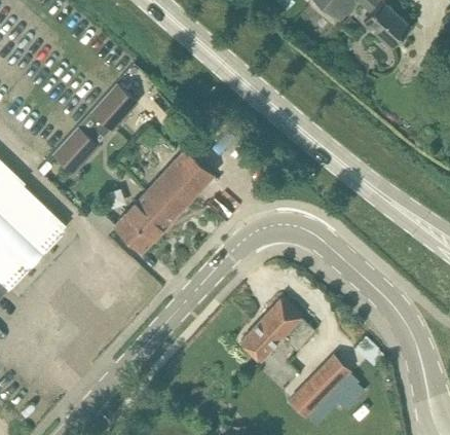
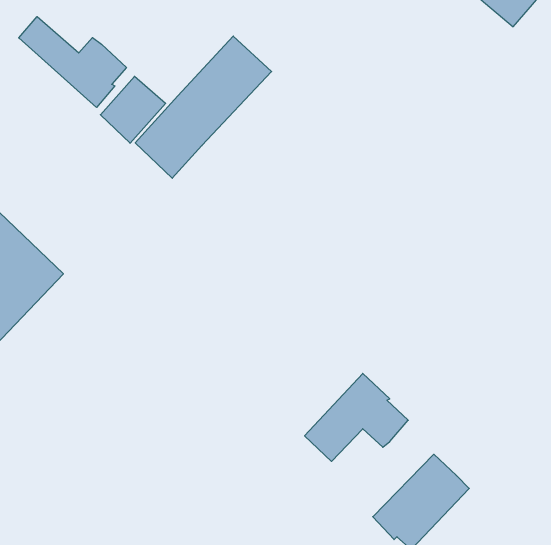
building: none -> [19,17,126,107]
building: [52,125,100,173] -> none
building: [114,149,213,252] -> [135,36,272,178]

